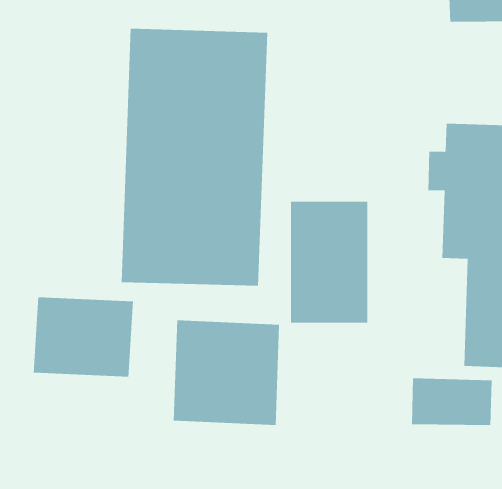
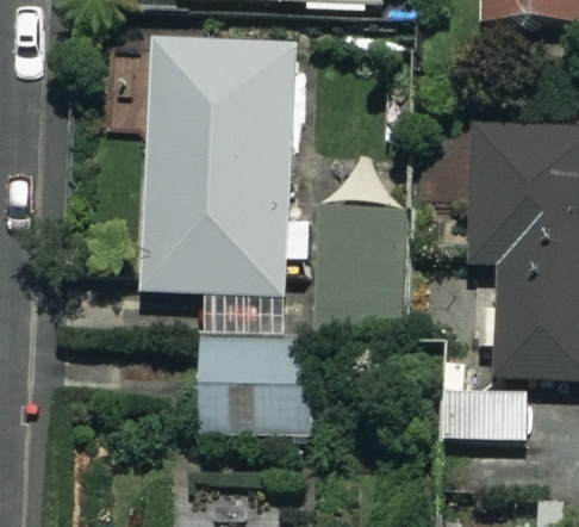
building: [33,297,133,378] -> none

